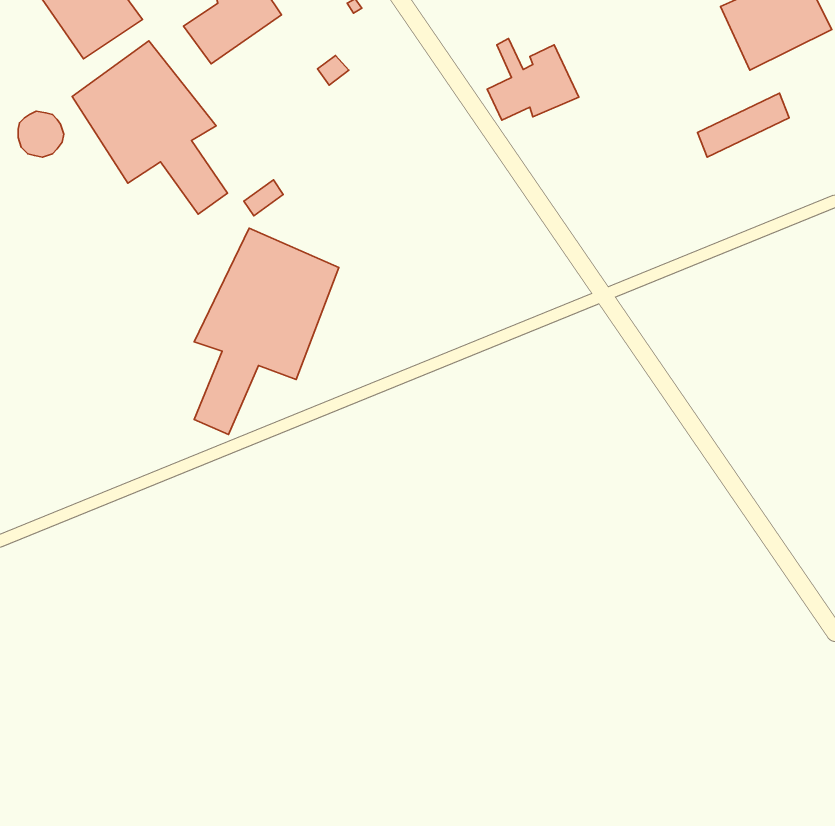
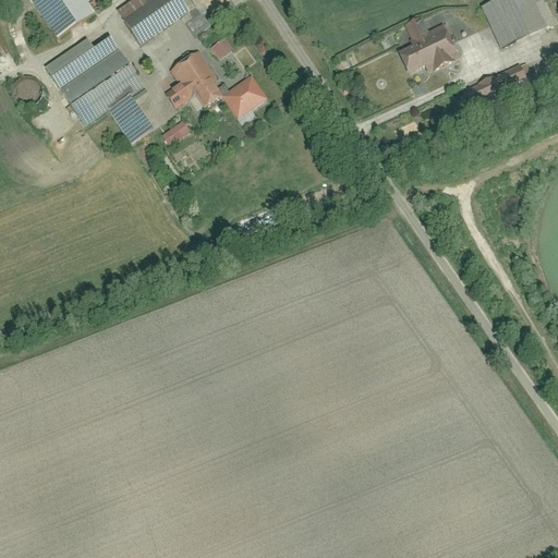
building: [487,38,579,120] -> [397,19,458,73]
building: none -> [163,51,266,123]
building: [194,228,339,435] -> none

